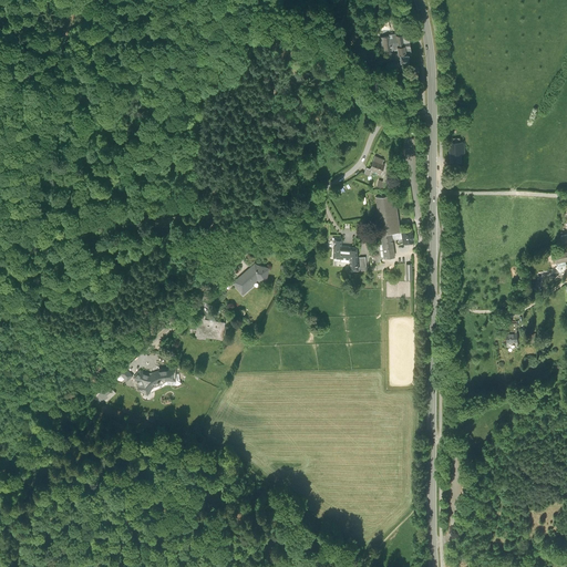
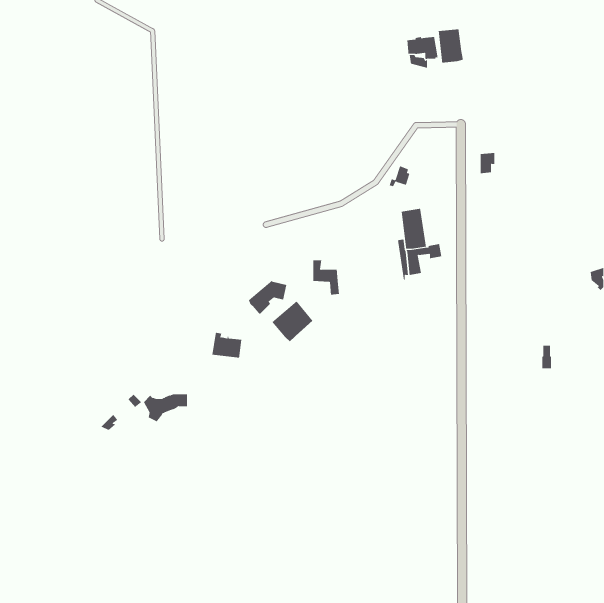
building: none -> [438,29,463,63]
building: [333,238,359,271] -> [313,260,340,295]
building: none -> [271,300,313,342]

